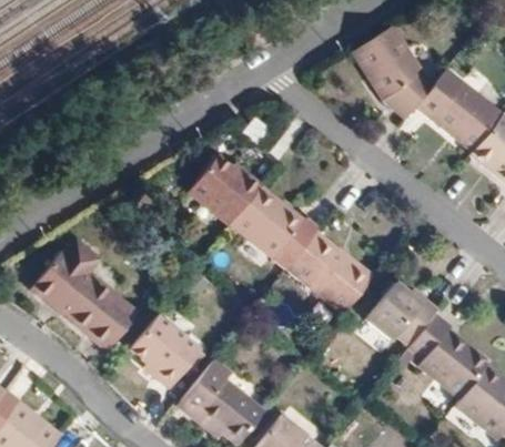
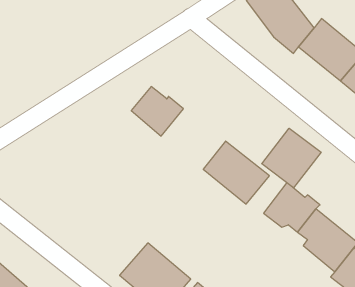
building: [230,185,319,268] -> none
building: none -> [262,128,321,188]
building: [22,231,145,347] -> none
building: [129,325,212,408] -> none

